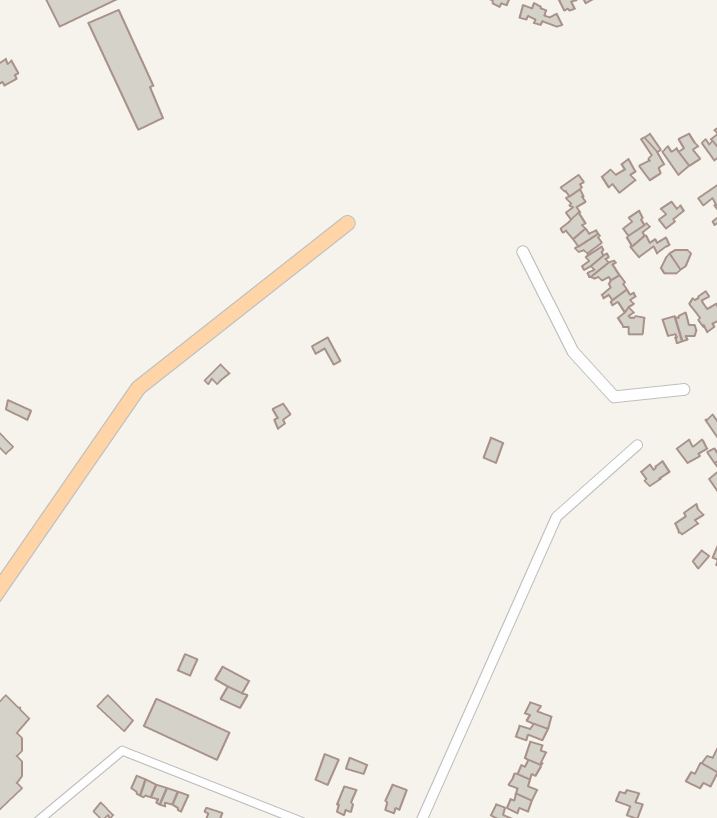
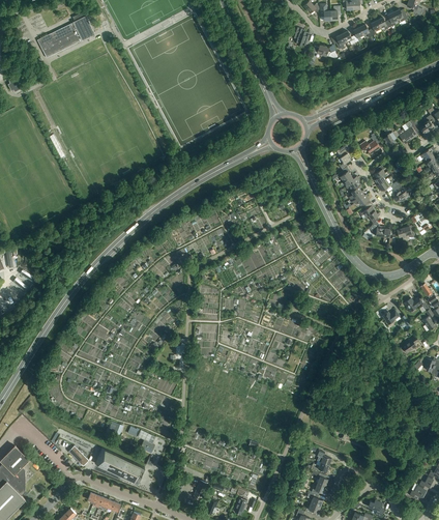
building: [88,10,163,130] -> none

